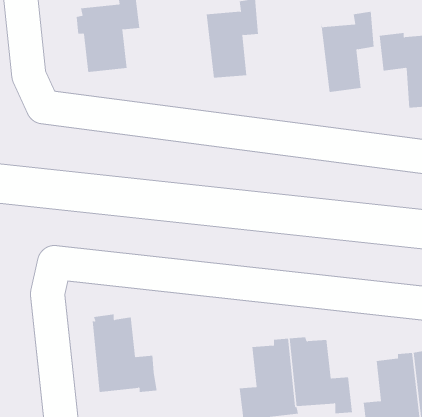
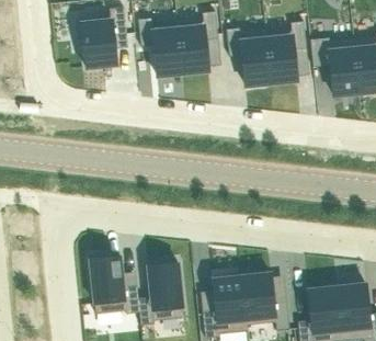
building: none -> [137,18,182,76]
building: none -> [226,27,271,86]
building: none -> [137,259,183,326]

